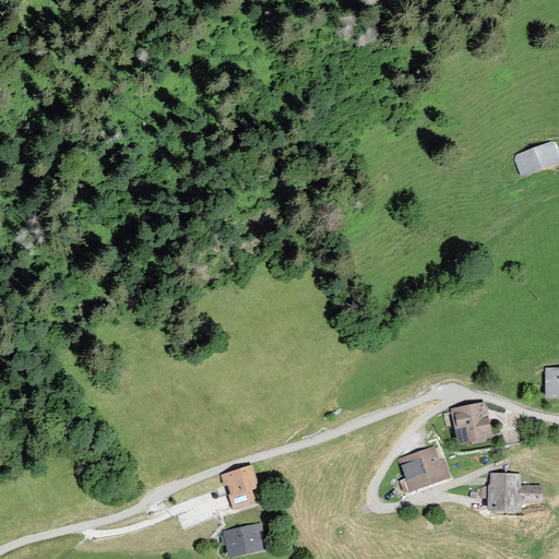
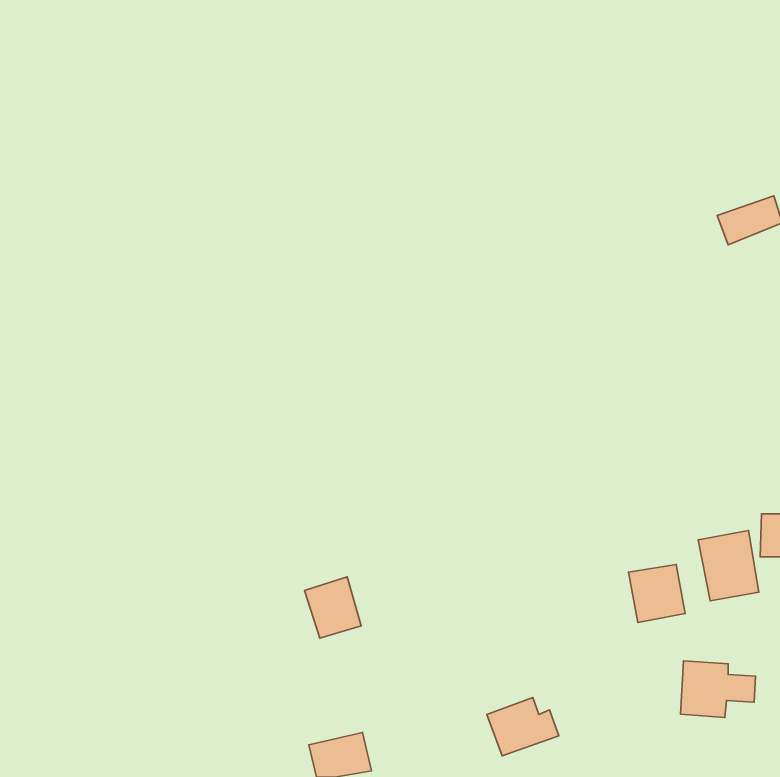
building: none -> [698,531,759,601]
building: [400,448,451,489] -> [487,698,559,756]
building: [222,466,262,510] -> [304,577,361,638]

